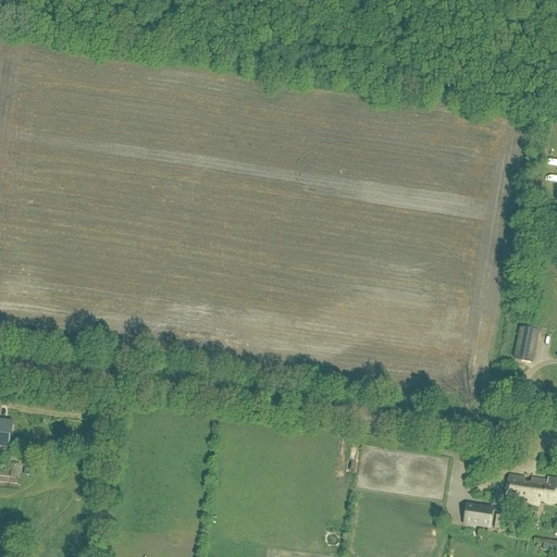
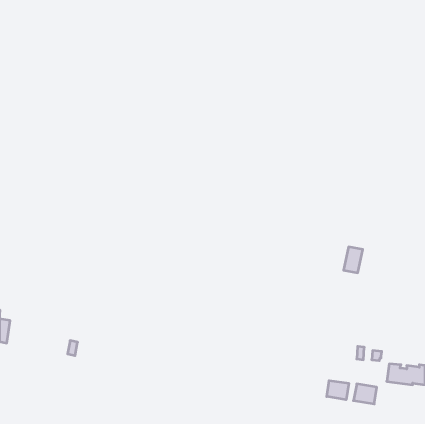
building: [512,325,537,359] -> [344,247,363,273]
building: none -> [327,381,349,400]

